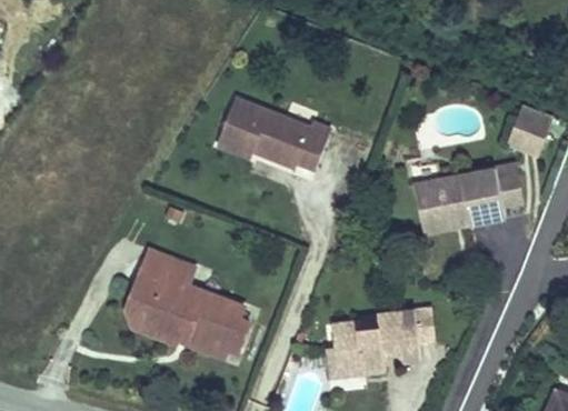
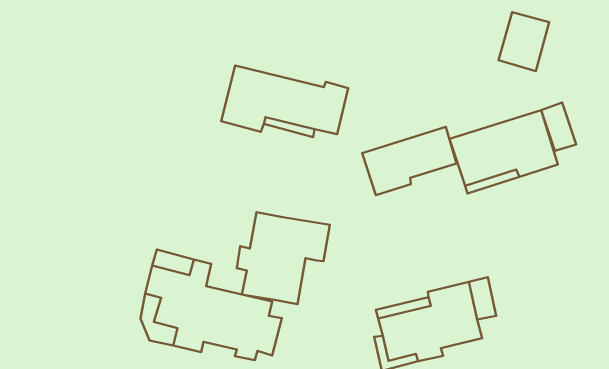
building: [504,100,551,153] -> [499,12,549,71]
building: none -> [362,127,457,195]
building: none -> [237,212,330,304]

